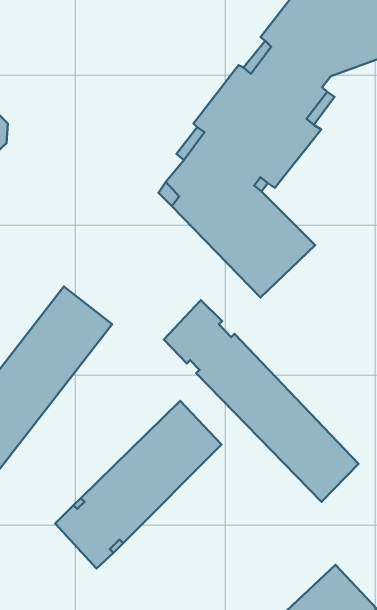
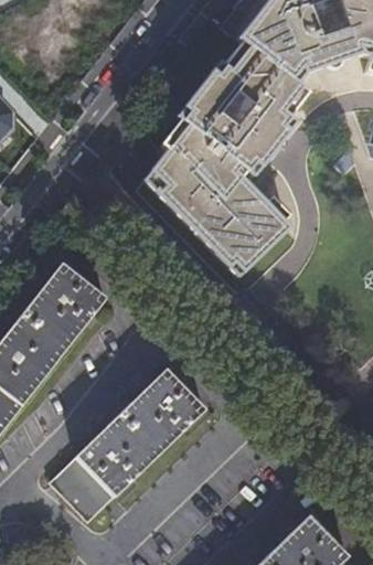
building: [164,300,359,502] -> none

